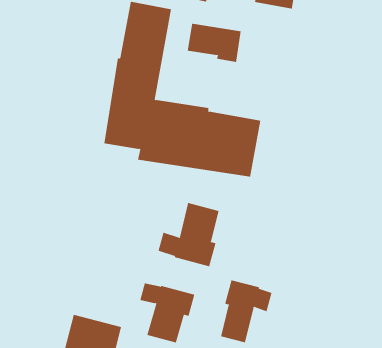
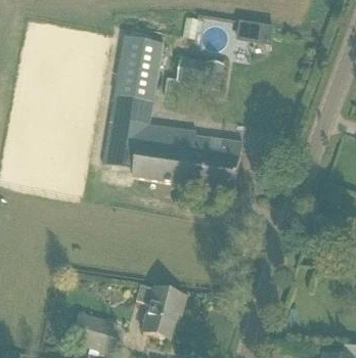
building: [158,202,219,267] -> none
building: [220,279,272,343] -> none

